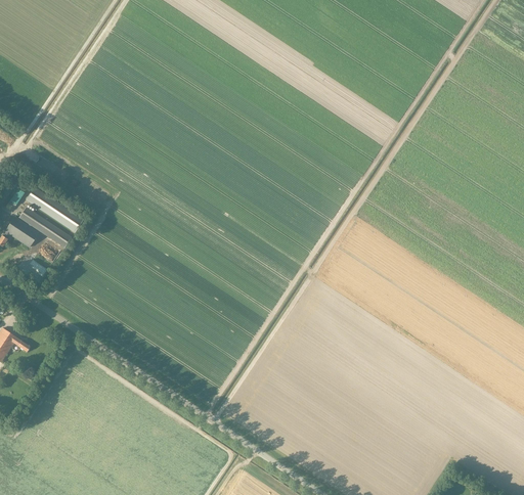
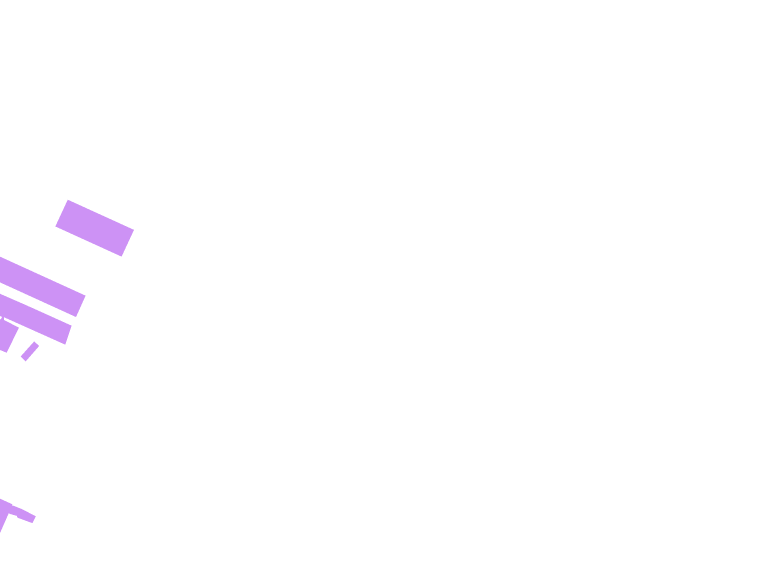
building: none -> [55,199,135,258]

